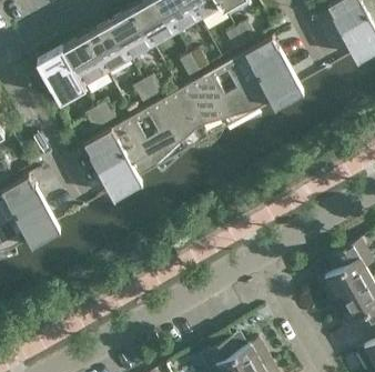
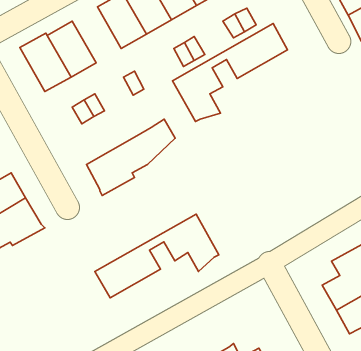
building: [85,22,131,74] -> none
building: [213,62,303,121] -> none
building: [84,91,200,169] -> [95,214,219,298]

